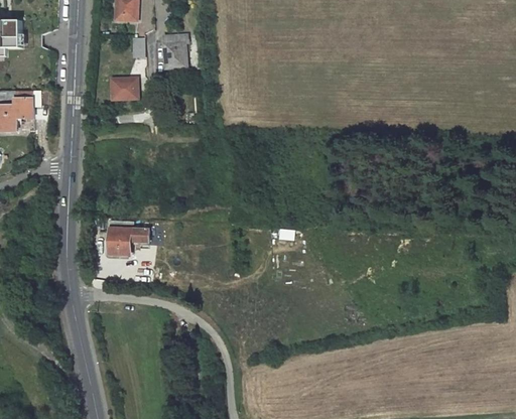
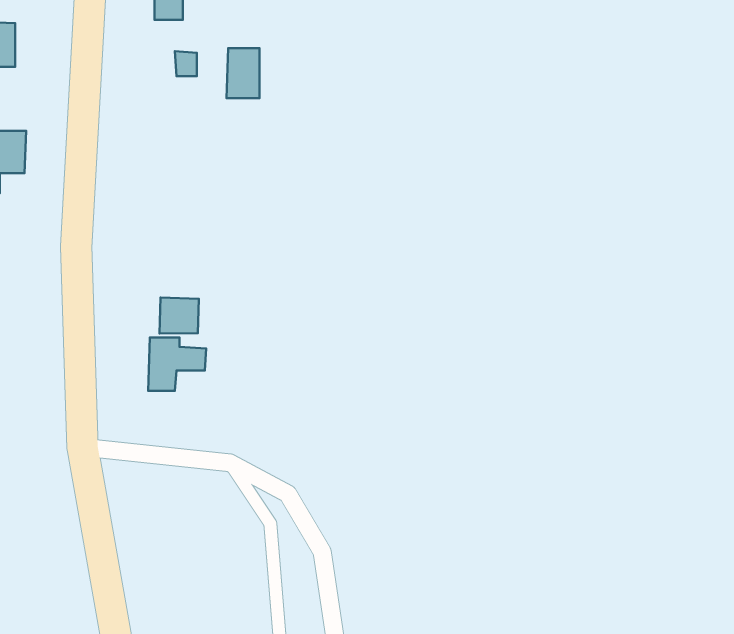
building: [111,78,135,99] -> none
building: none -> [159,298,199,334]

